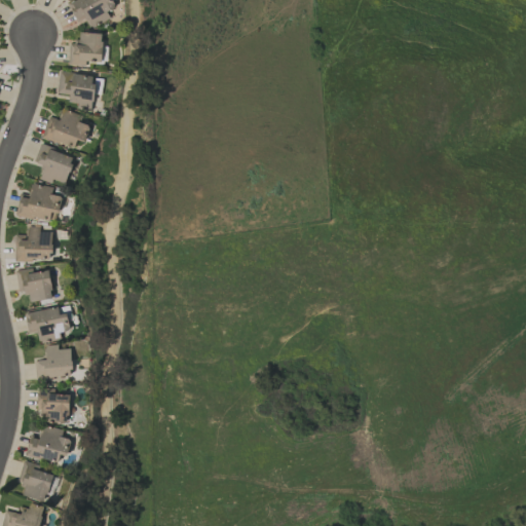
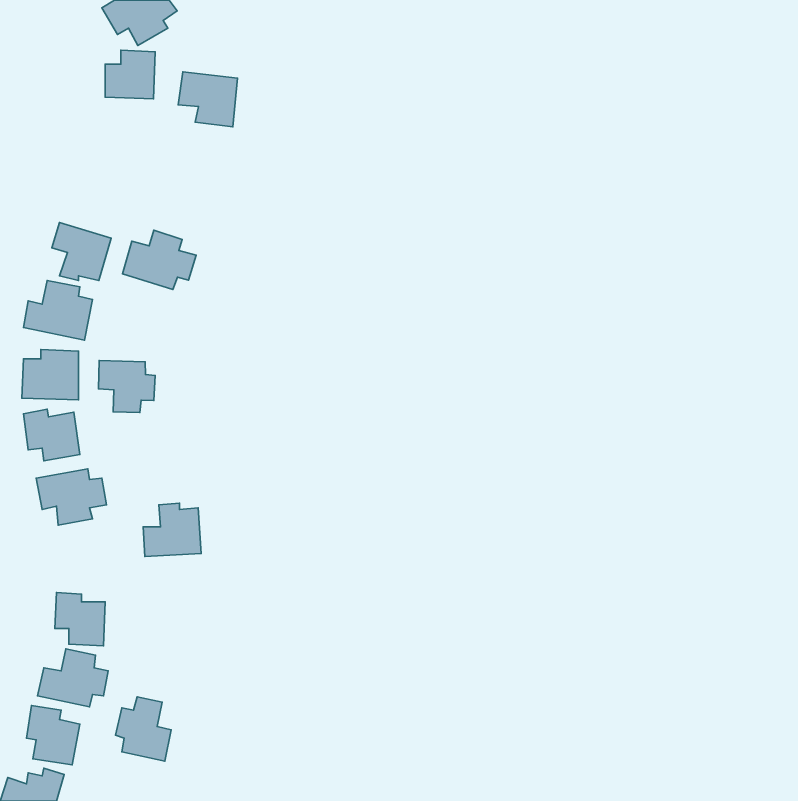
building: [58,72,97,108] -> [178,72,238,127]
building: [43,109,91,148] -> [123,230,196,290]
building: none -> [99,360,155,413]
building: [36,345,74,380] -> [143,503,201,557]
building: none -> [115,697,171,761]

